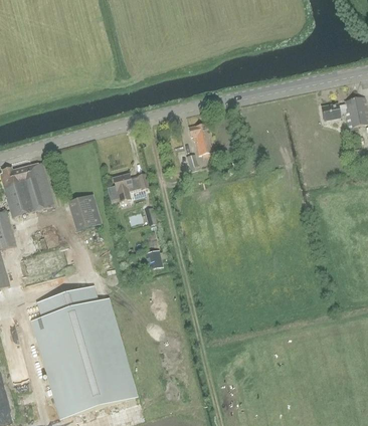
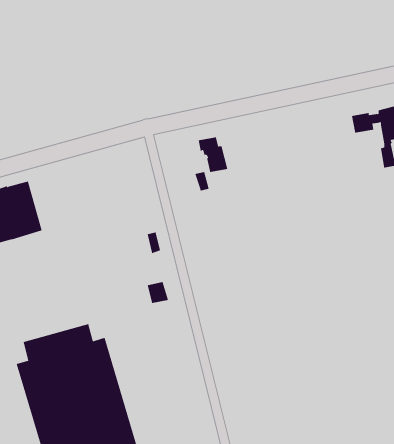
building: [108,173,149,201] -> none
building: [67,194,102,230] -> none

